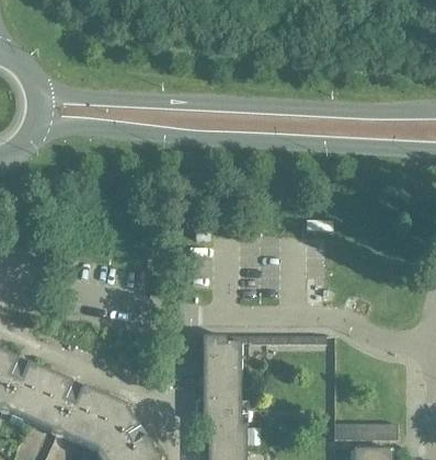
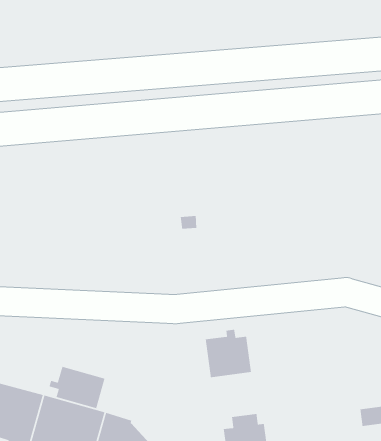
building: none -> [49,366,106,409]
building: [204,378,242,415] -> none

